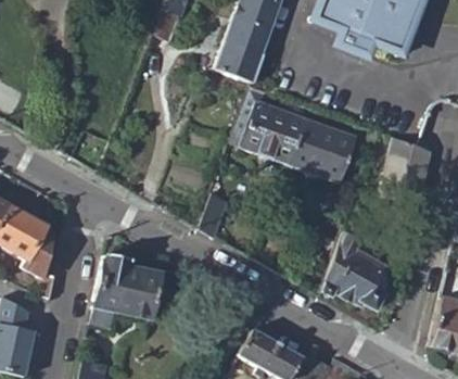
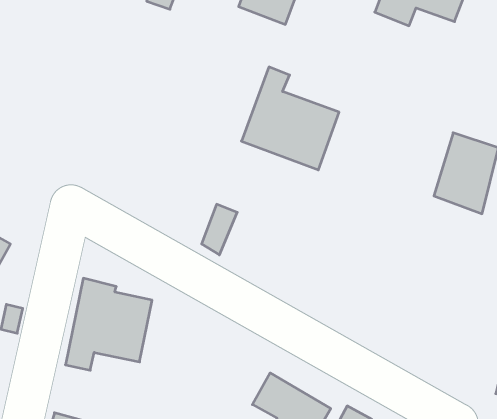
building: [218,38,266,81] -> none
building: [292,122,357,186] -> none
building: [321,230,386,308] -> none

